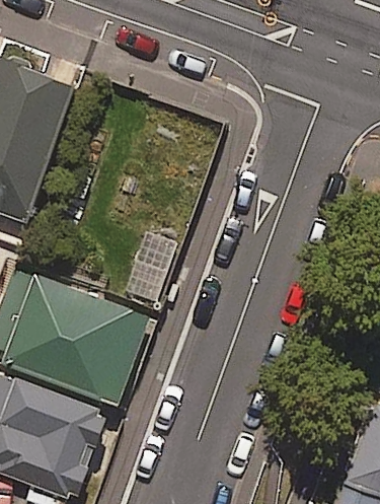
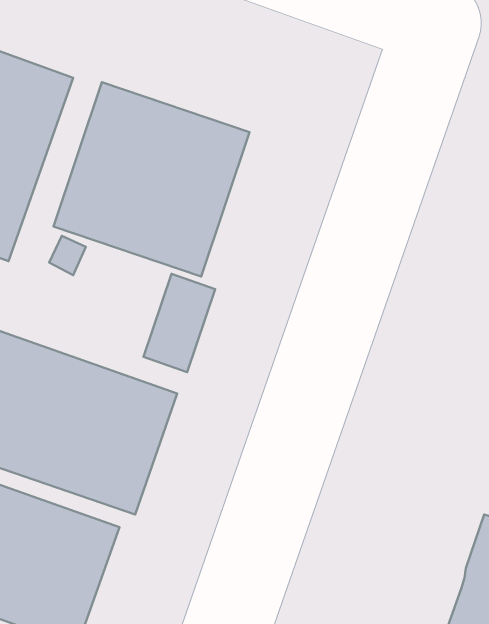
building: none -> [54,82,249,277]

